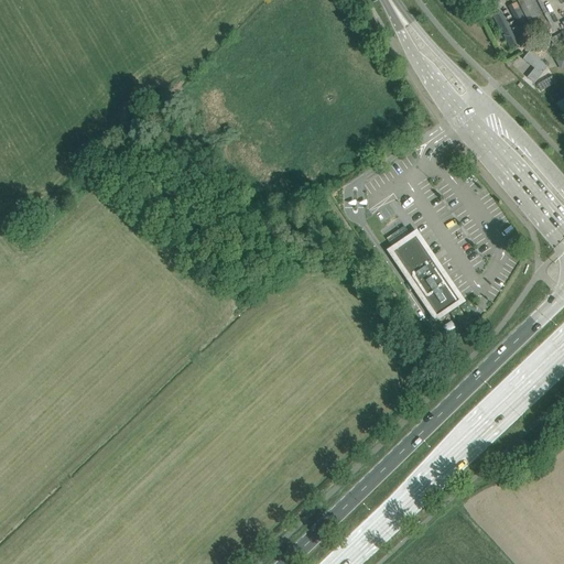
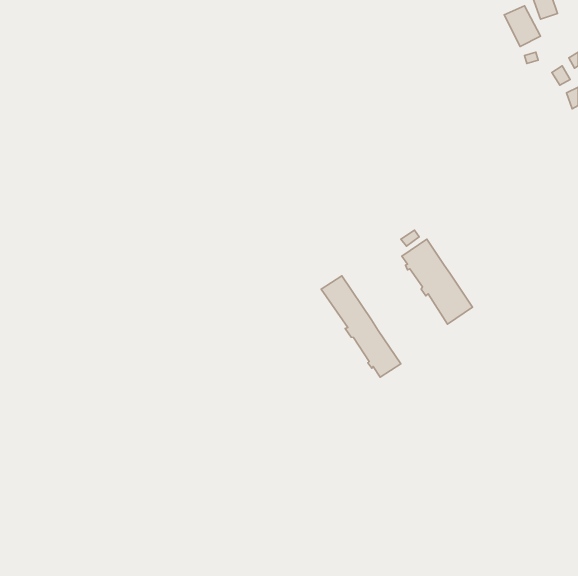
building: none -> [321,276,401,377]

